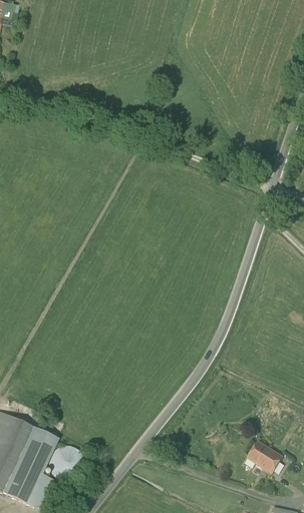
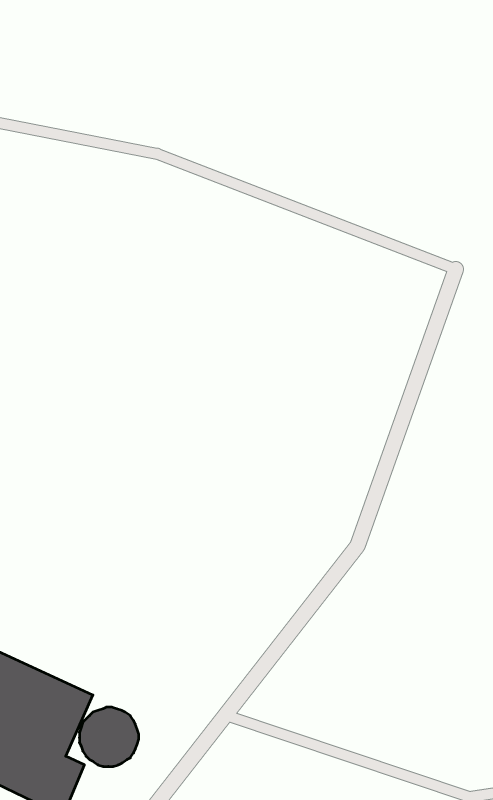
building: [248,441,283,473] -> none

